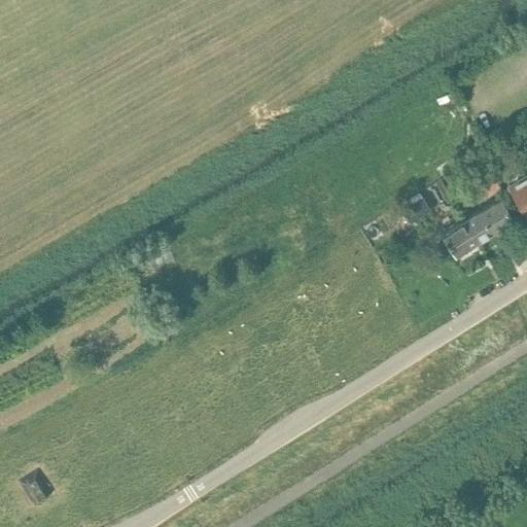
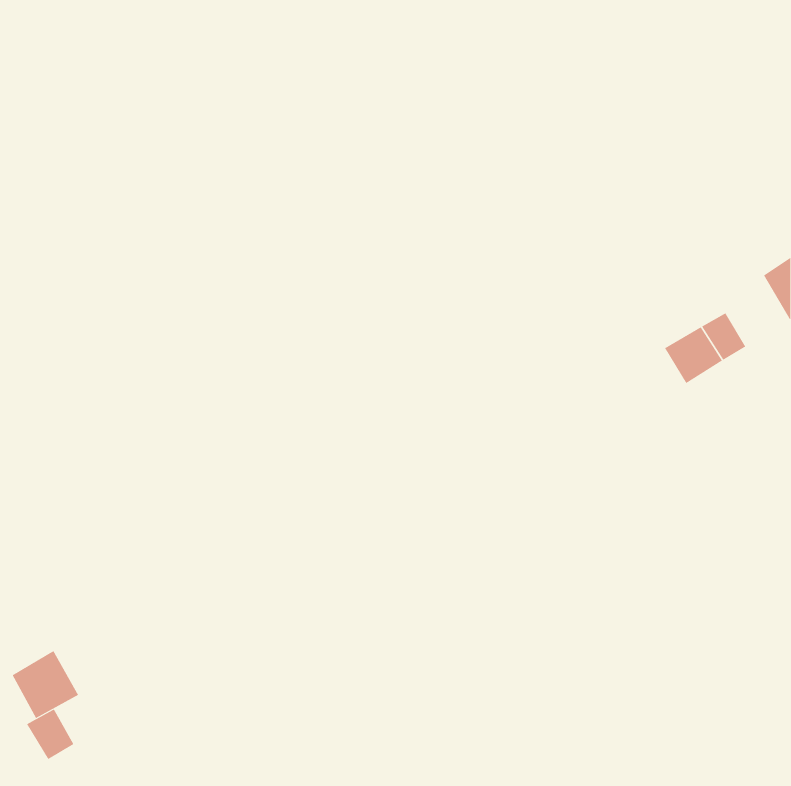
building: [483,201,513,234] -> none
building: none -> [12,650,79,719]

